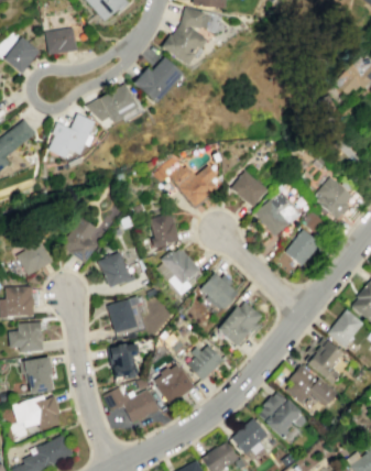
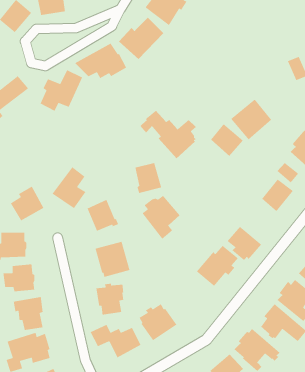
building: [257,193,302,238] -> [230,98,272,140]
building: [200,273,239,310] -> [226,226,262,261]
building: [188,344,225,381] -> none

